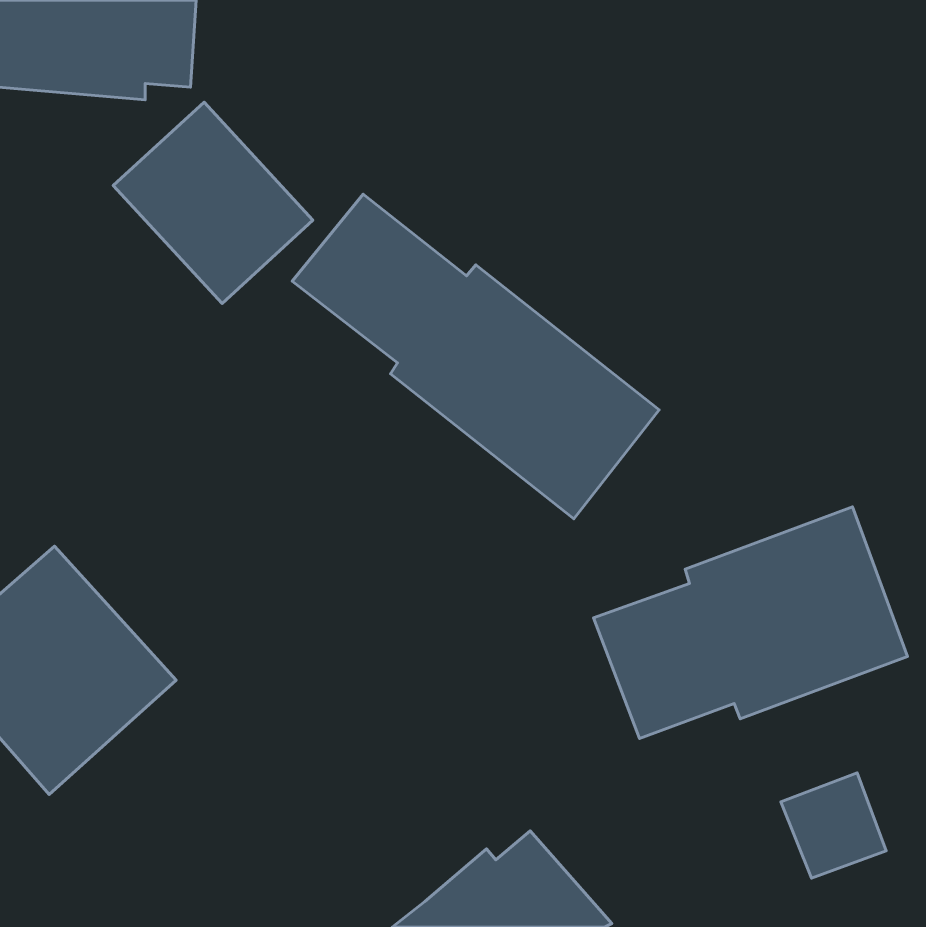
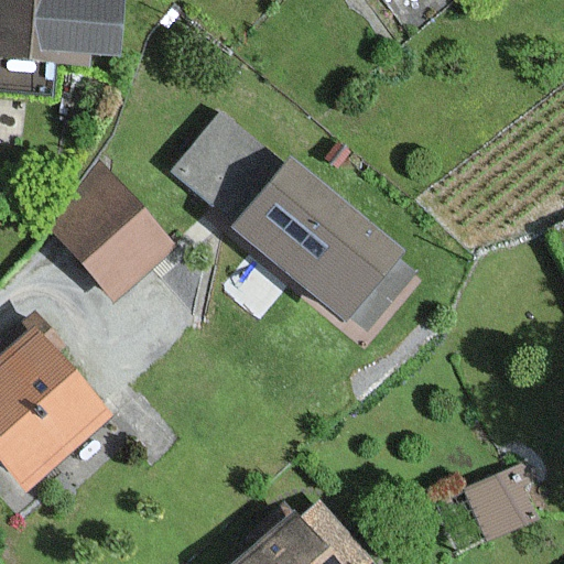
building: [113,102,313,304] -> [50,171,171,293]
building: [594,507,908,738] -> none

